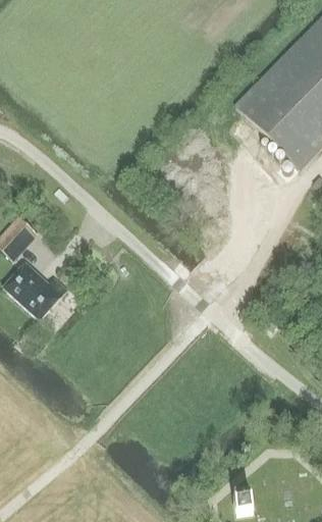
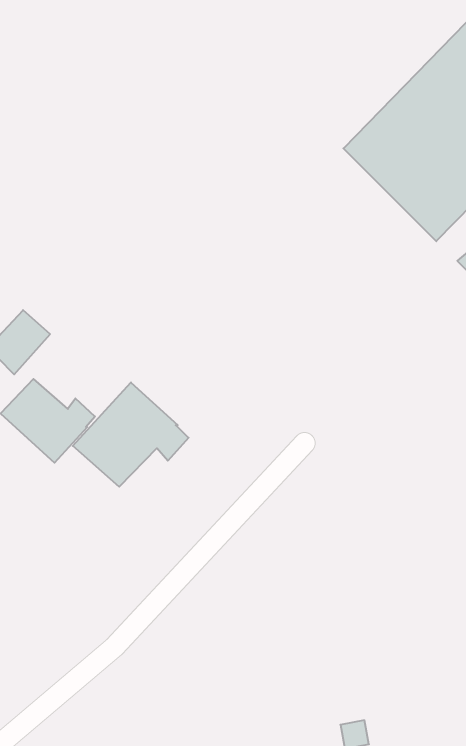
building: none -> [73,382,189,487]

